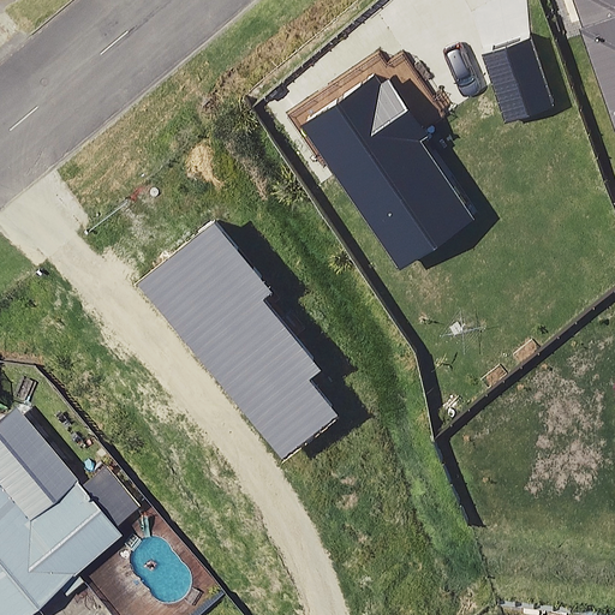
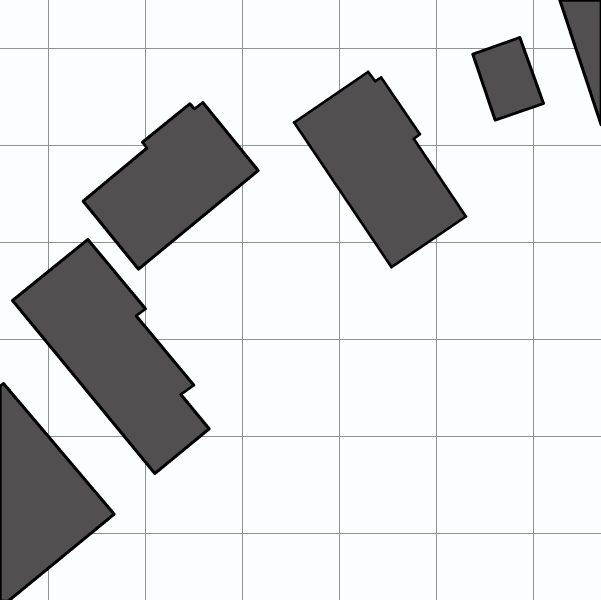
building: none -> [83,103,258,269]
building: [138,222,339,461] -> [13,239,209,473]

